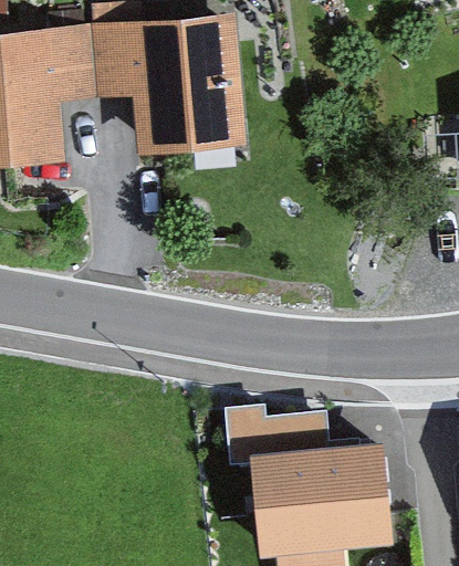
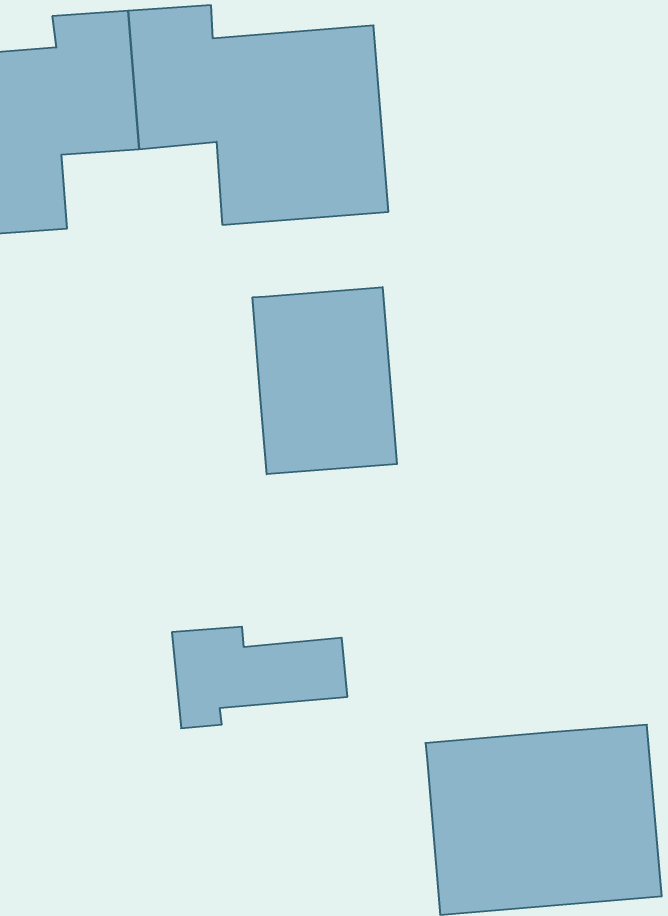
building: none -> [253,287,397,474]
building: [238,412,343,473] -> [172,627,347,728]

